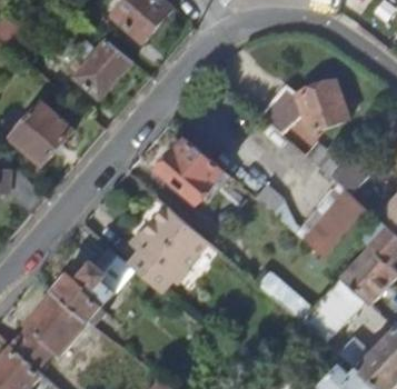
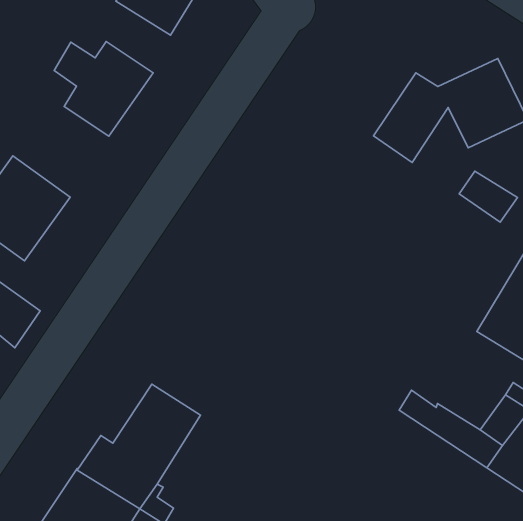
building: [160,140,224,203] -> none
building: [126,206,210,296] -> none

